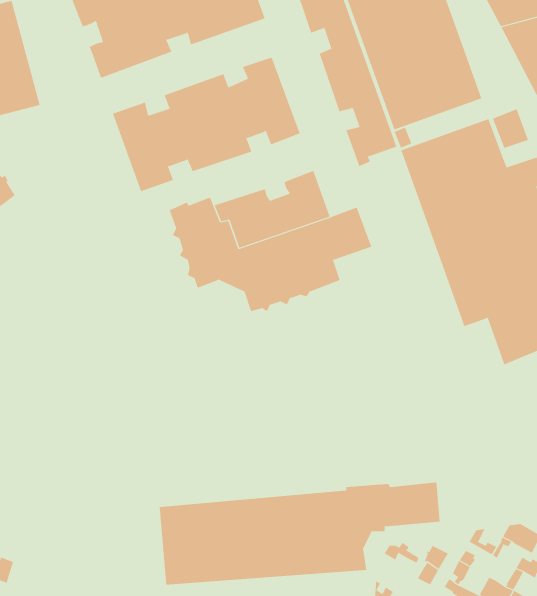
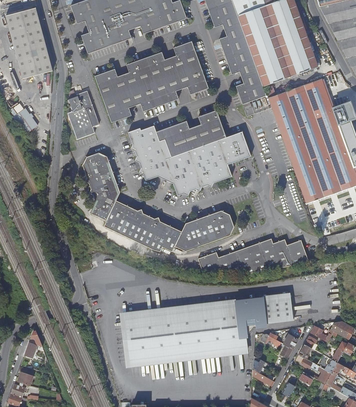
building: none -> [68,90,99,139]
building: none -> [83,153,235,252]
building: none -> [198,238,309,272]

